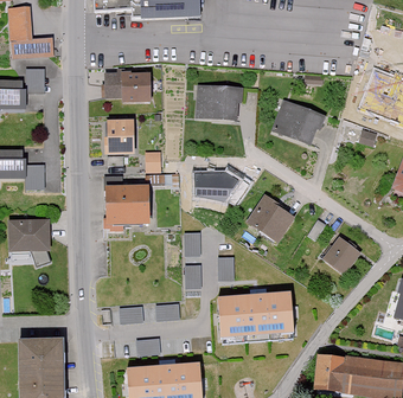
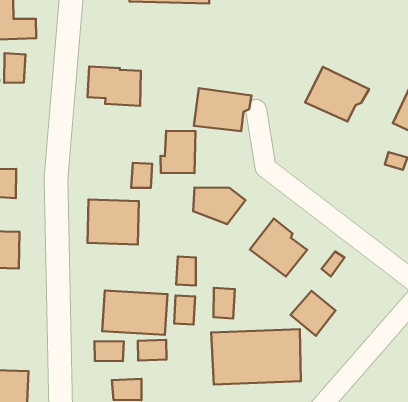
building: [269,102,322,147] -> [305,67,369,122]
building: [104,117,134,154] -> [161,131,196,173]
building: [322,236,360,274] -> [290,291,336,336]
building: none -> [102,290,167,335]

